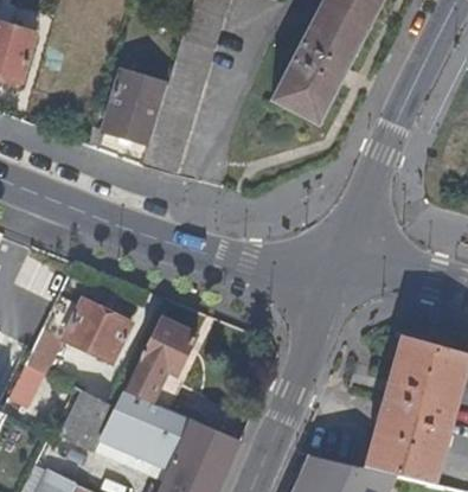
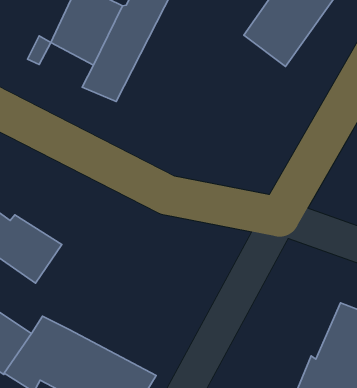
building: [123,319,194,401] -> none

